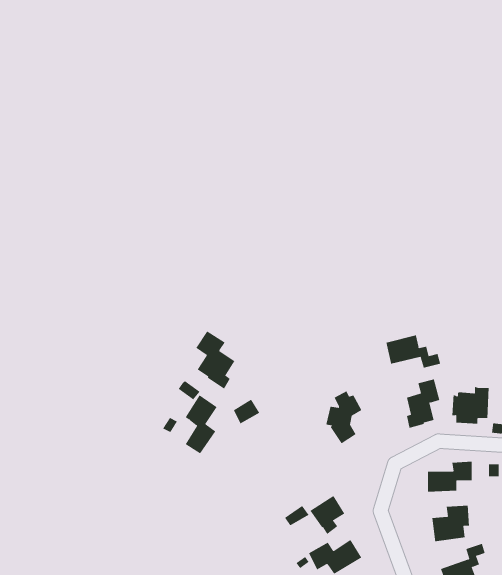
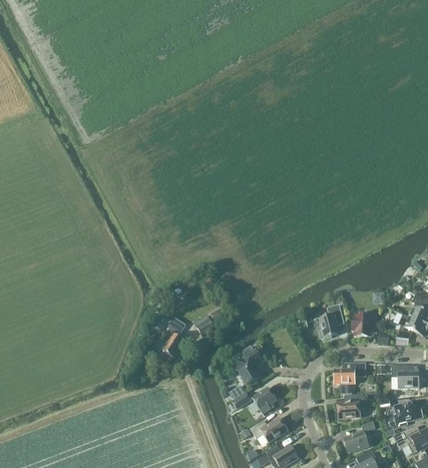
building: [195,330,235,389] -> none
building: [386,334,441,368] -> none
building: [325,390,362,444] -> [236,347,262,385]

